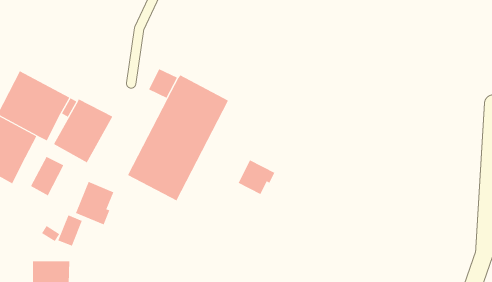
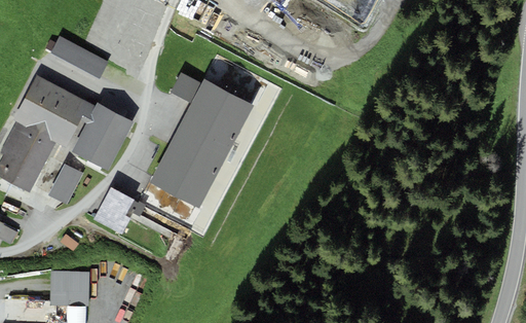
building: none -> [50,36,109,77]
building: [238,160,275,195] -> none
building: [57,215,82,246] -> none

